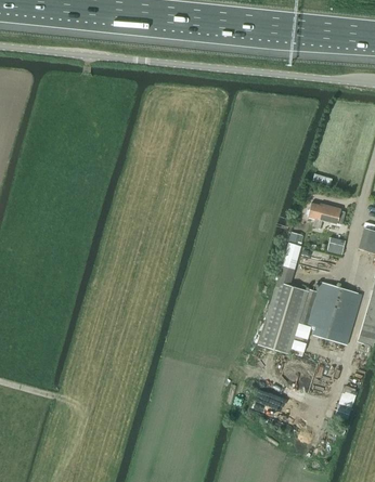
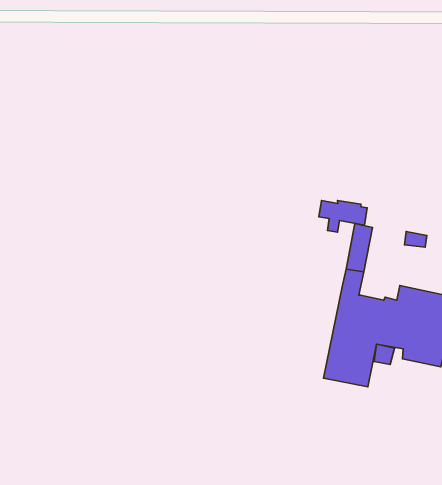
building: [308,204,345,229] -> [319,201,367,232]

